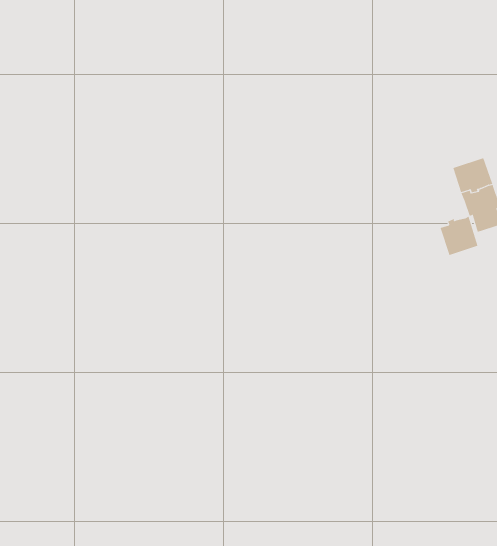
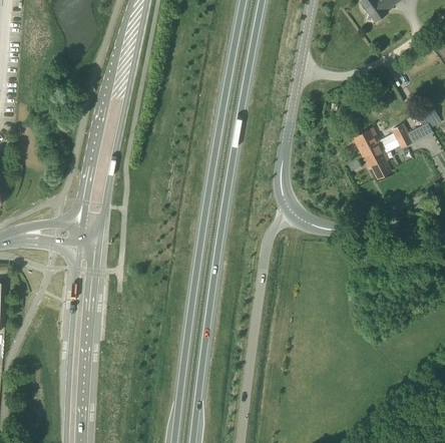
building: [440,216,478,256] -> none

